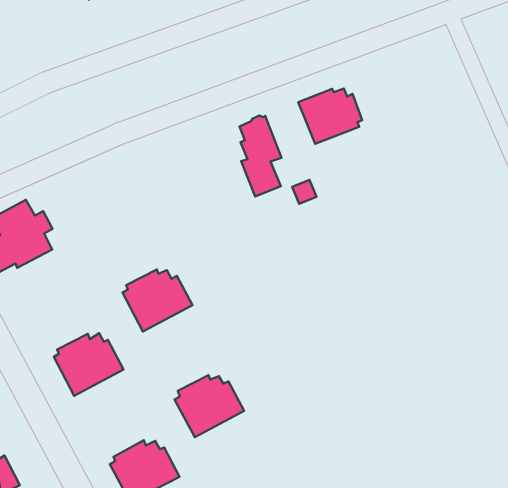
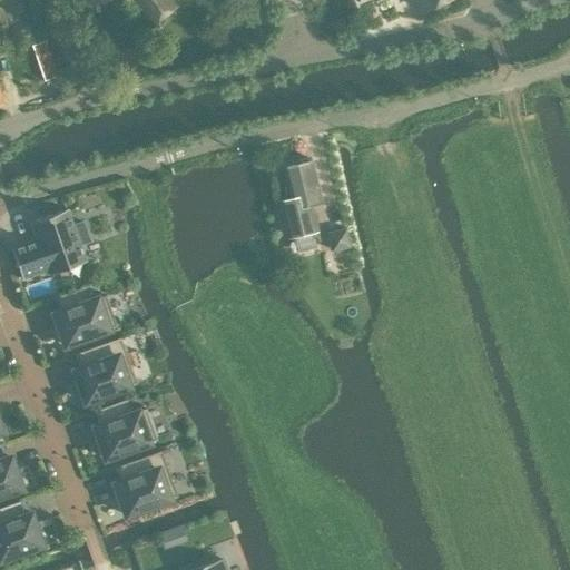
building: [298,89,362,144] -> none
building: [123,270,192,332] -> [52,292,119,351]
building: [175,375,244,437] -> [92,405,159,464]

